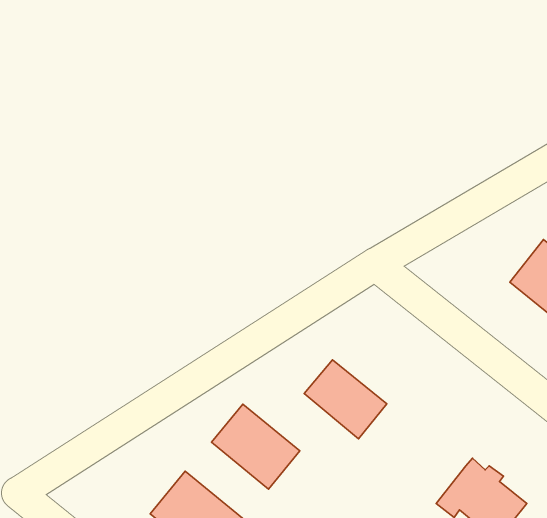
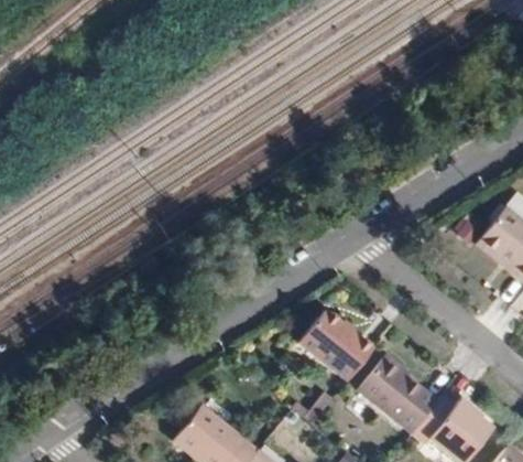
building: [211,404,300,489] -> none
building: none -> [359,357,439,434]

